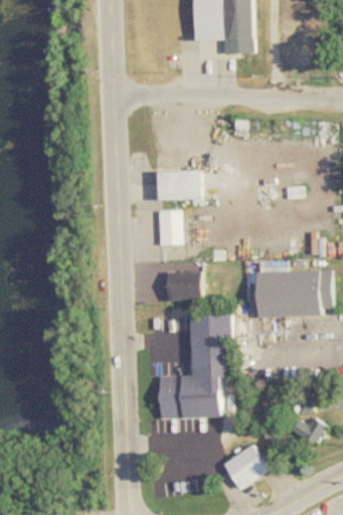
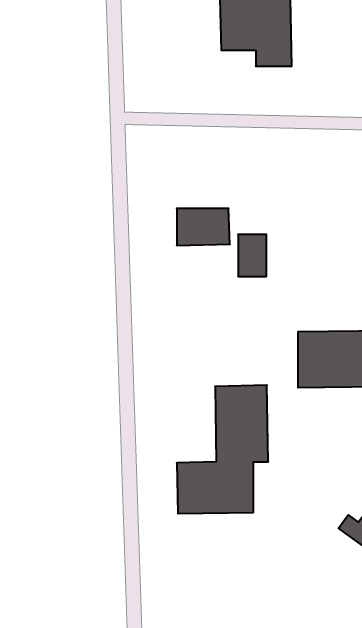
building: [157,210,180,244] -> [238,234,266,276]
building: [166,272,200,300] -> none
building: [221,445,268,490] -> none

